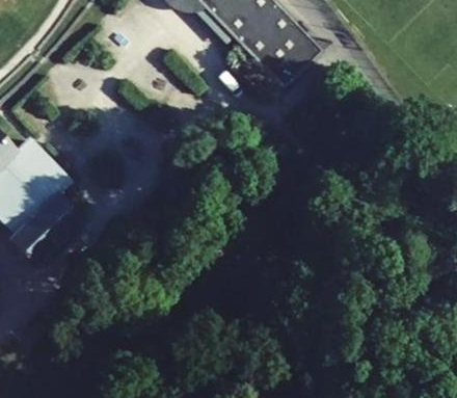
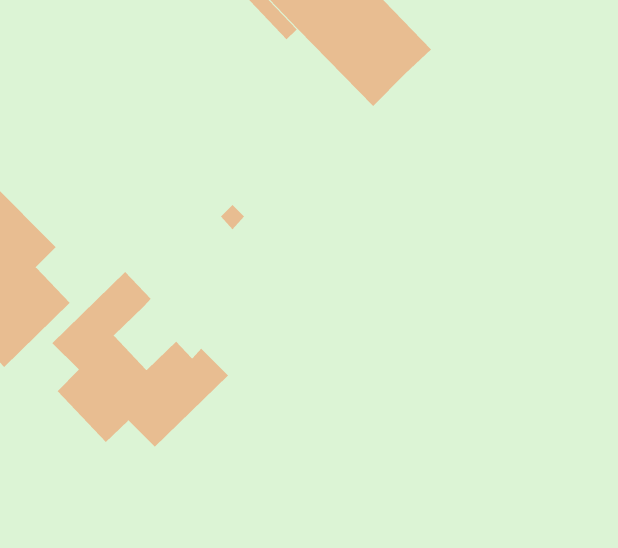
building: none -> [52,271,229,447]

